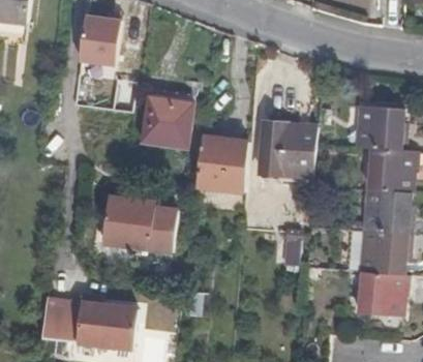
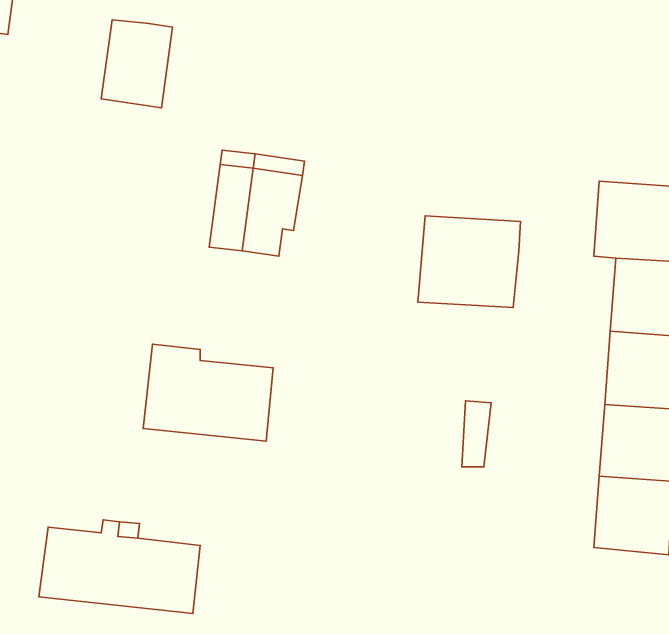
building: [195,137,248,192] -> none

